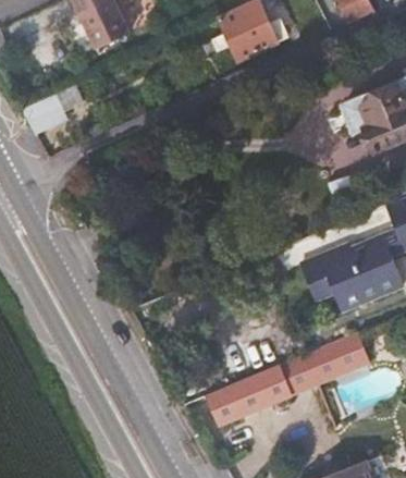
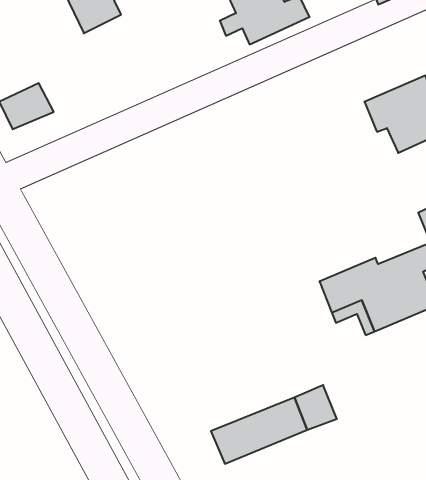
building: [305,333,368,383] -> none

